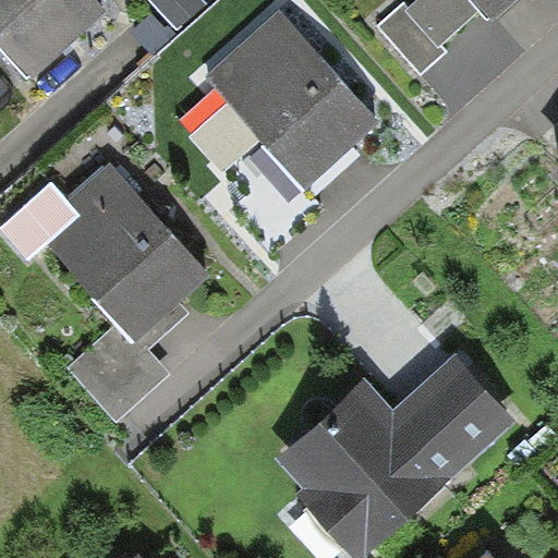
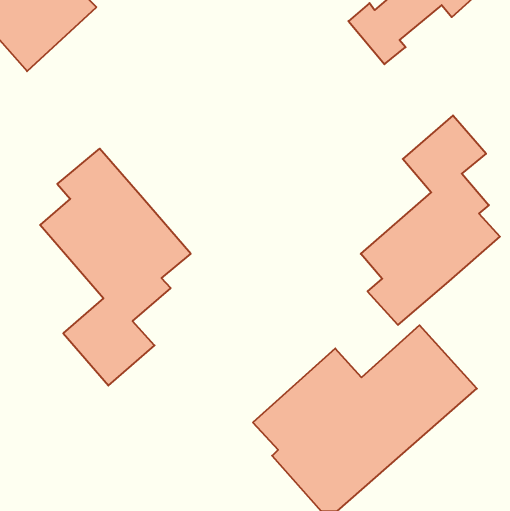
building: [193,9,380,193] -> none
building: none -> [361,115,500,325]

